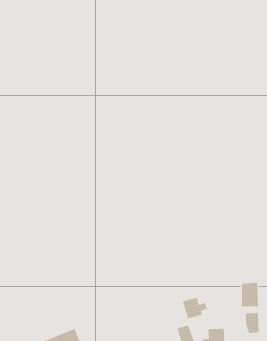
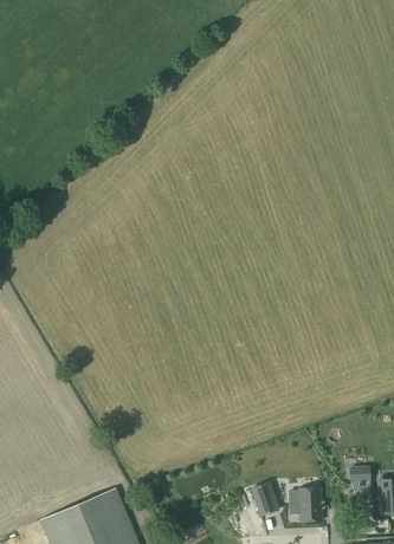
building: [241,282,258,307] -> none
building: [182,297,207,319] -> none

